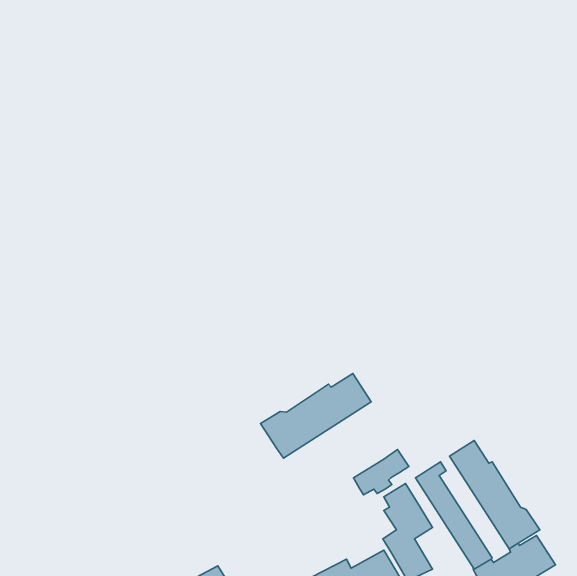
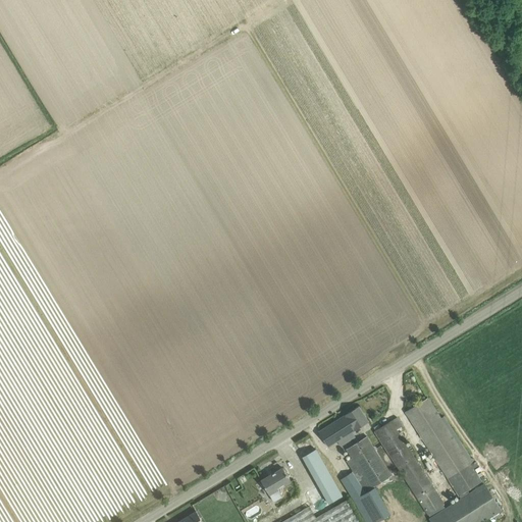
building: [261,373,371,458] -> none
building: none -> [303,454,342,506]
building: none -> [262,470,291,503]

